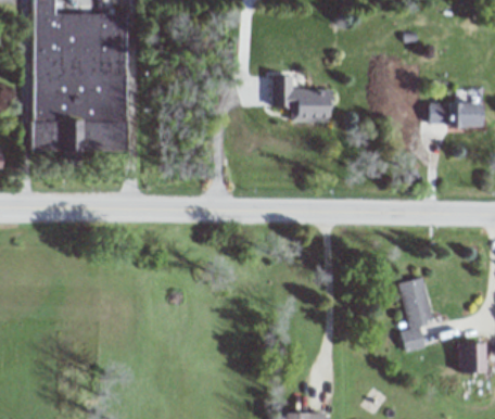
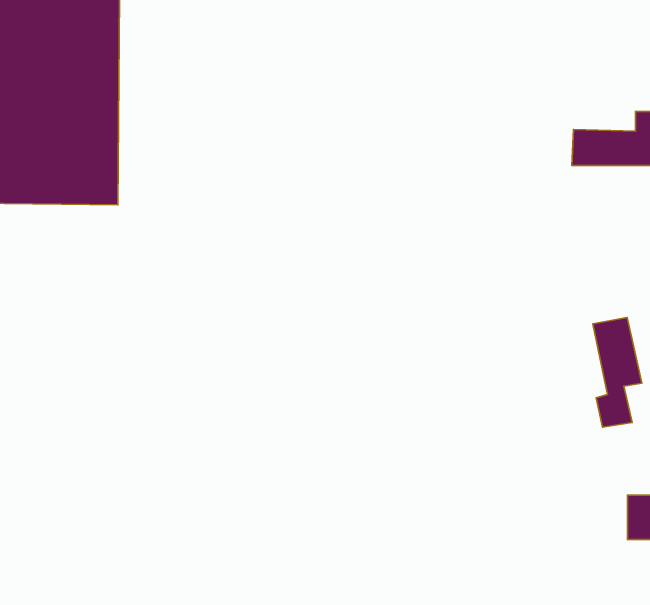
building: [279,75,332,120] -> none
building: [398,279,431,352] -> [593,317,642,427]

